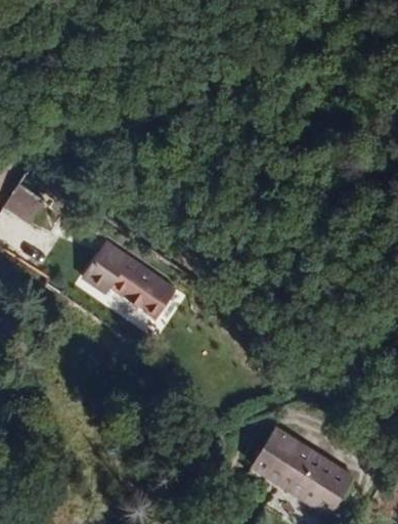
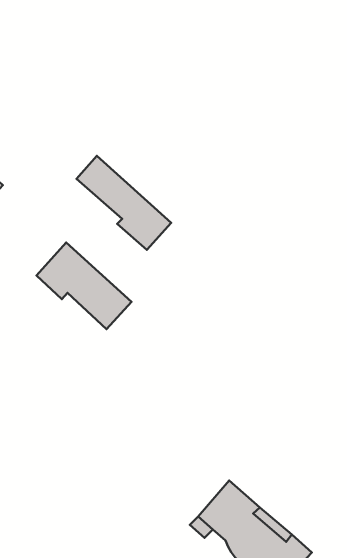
building: none -> [77,156,171,250]

